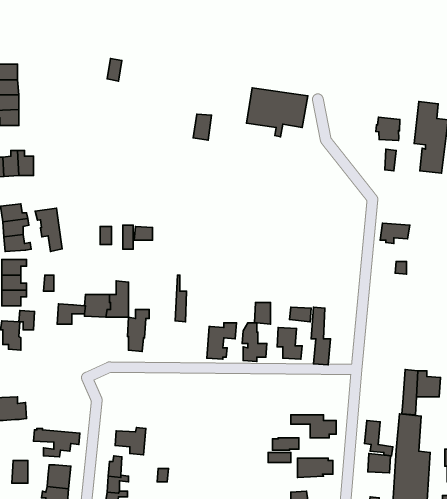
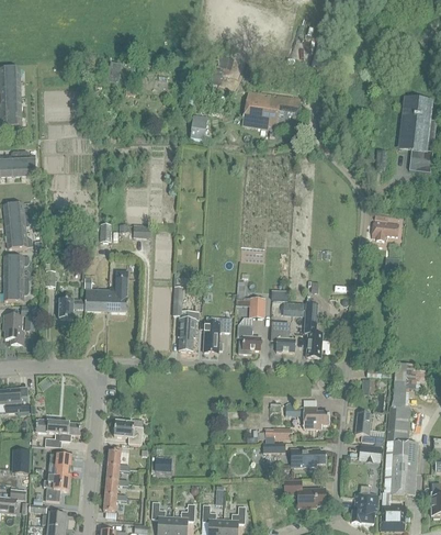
building: [376,117,400,141] -> none
building: [35,208,62,252] -> none
building: [128,309,149,351] -> [178,310,199,350]

